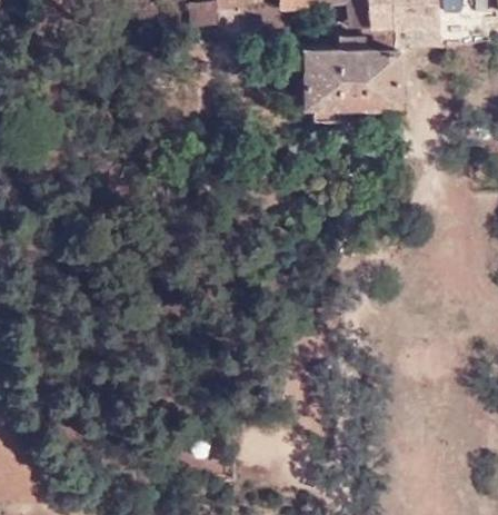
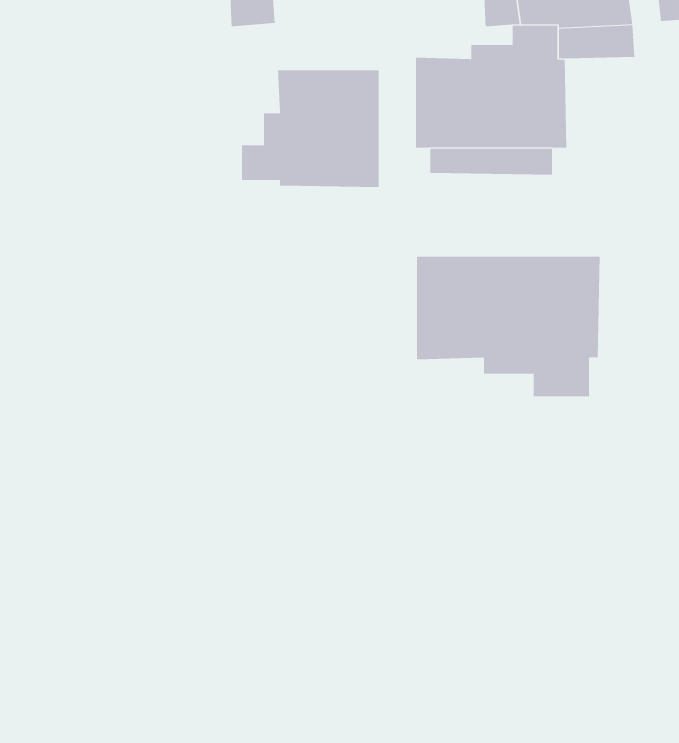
building: none -> [242,69,379,188]
building: none -> [417,256,600,397]

